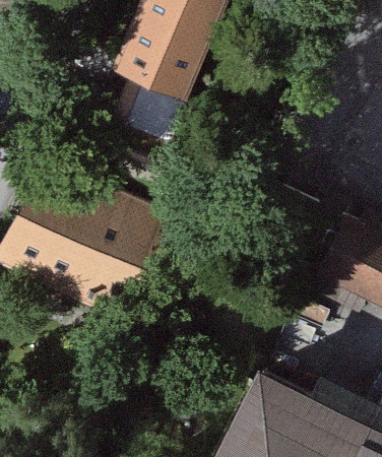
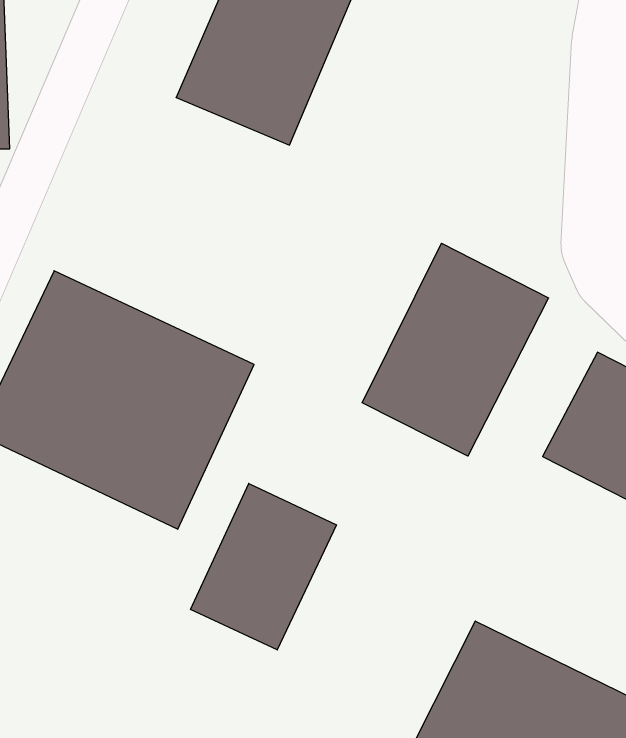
building: none -> [362,243,549,456]
building: none -> [190,483,337,650]

